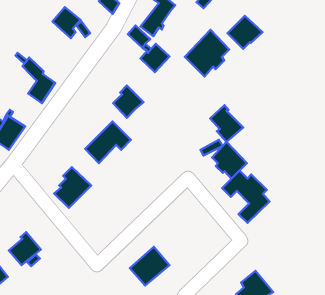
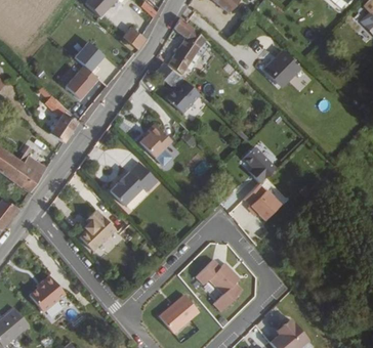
building: none -> [67,64,99,98]
building: [185,30,229,76] -> none
building: [222,171,270,223] -> [195,259,245,314]

